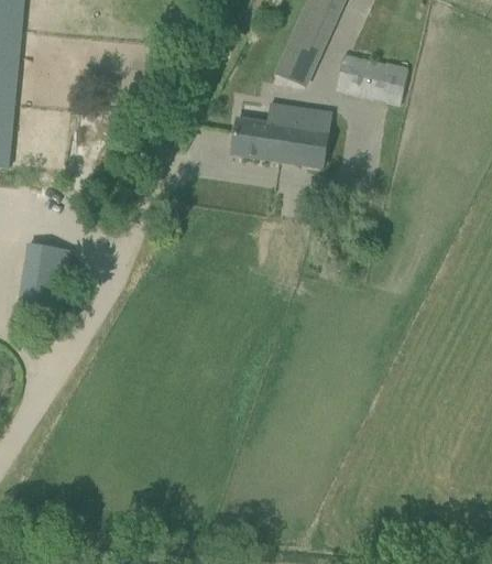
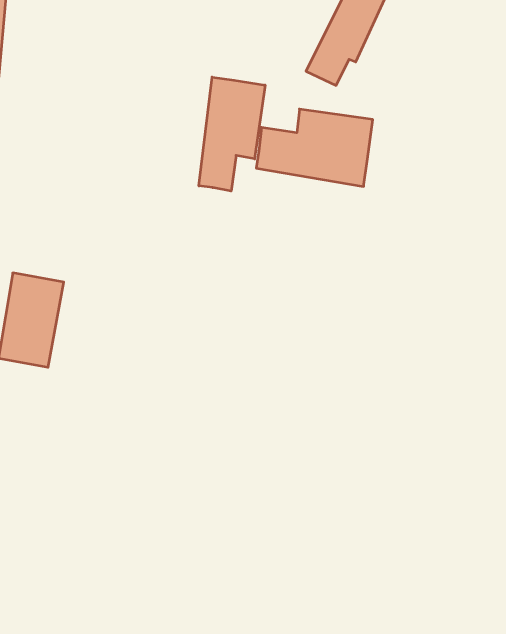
building: [337,53,409,106] -> none
building: none -> [199,77,265,191]

